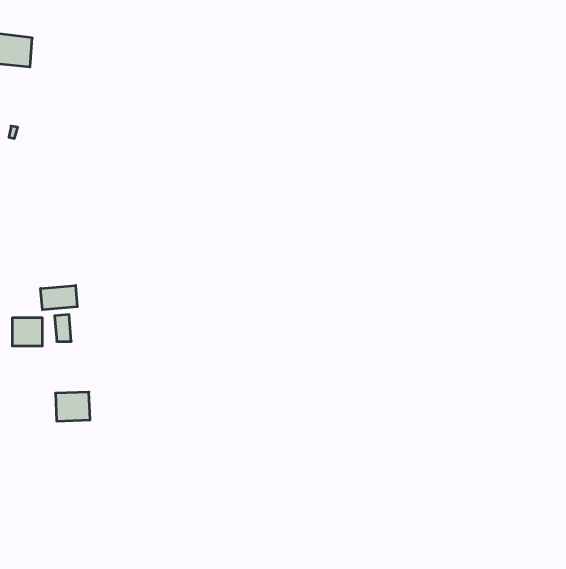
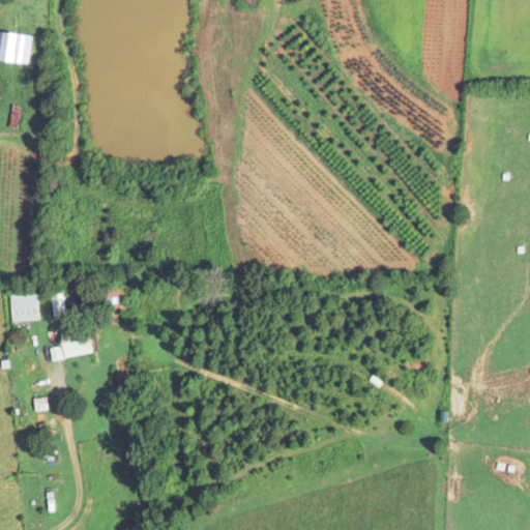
building: [41,285,77,310] -> none
building: [55,392,90,421] -> [63,329,95,356]

